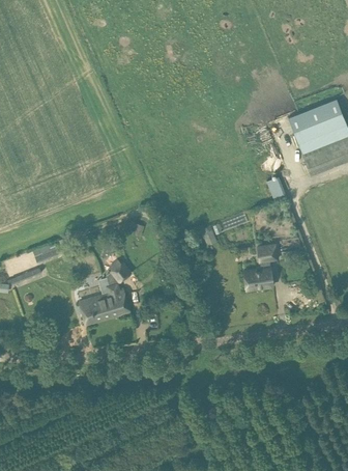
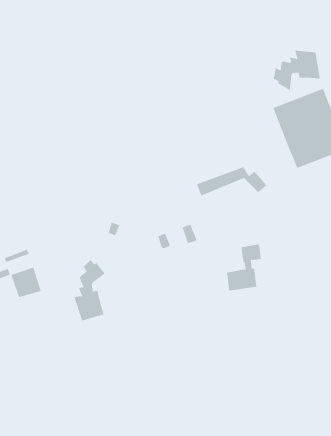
building: none -> [273,50,320,91]
building: [80,294,109,323] -> [11,267,42,298]

